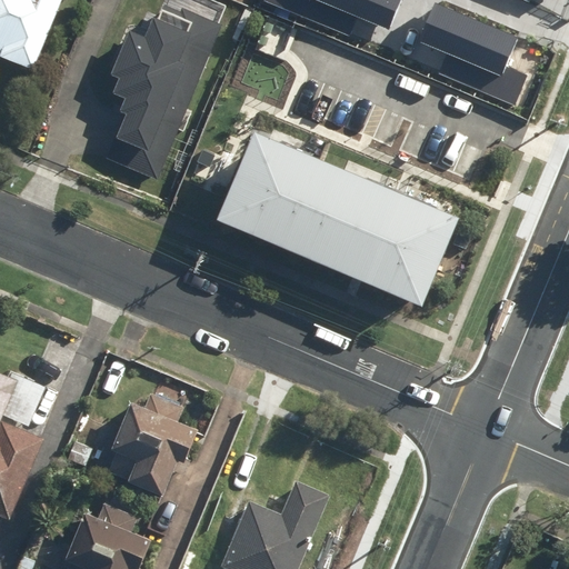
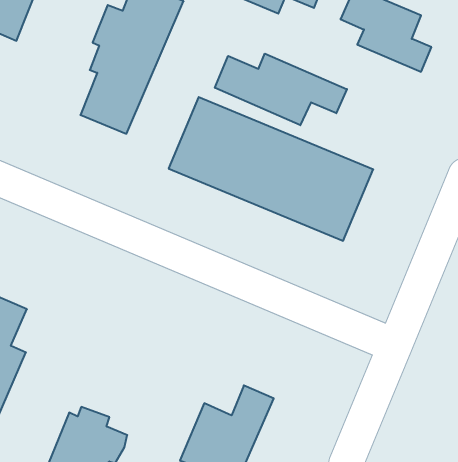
building: none -> [215,54,347,125]
building: [109,389,204,490] -> none

